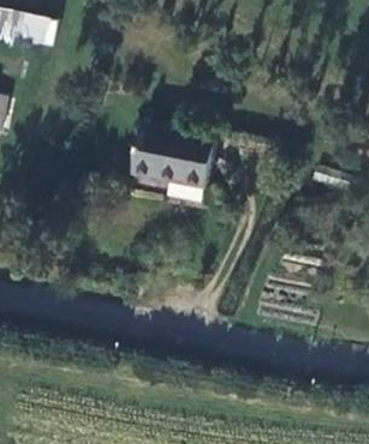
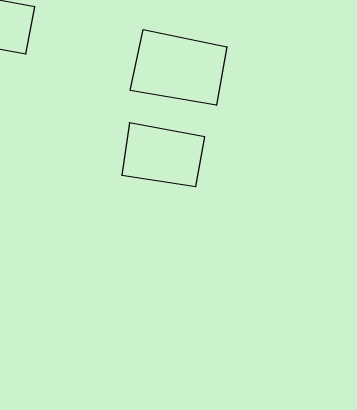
building: none -> [130,30,227,105]

